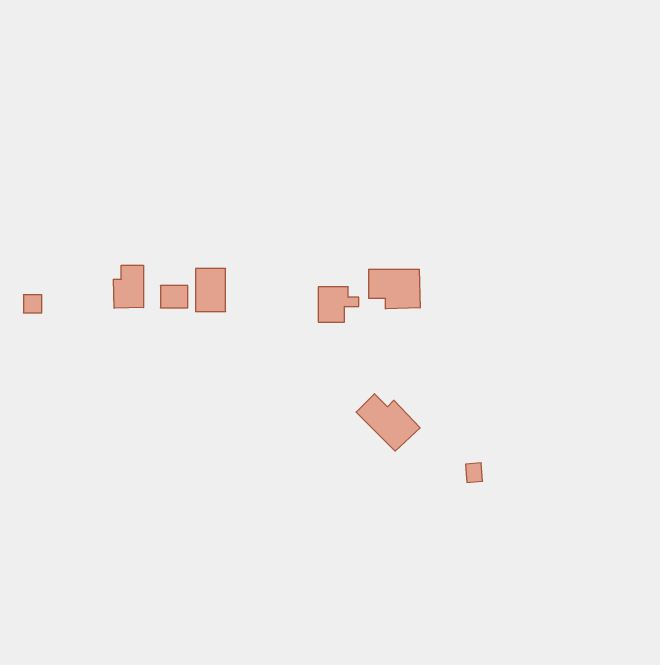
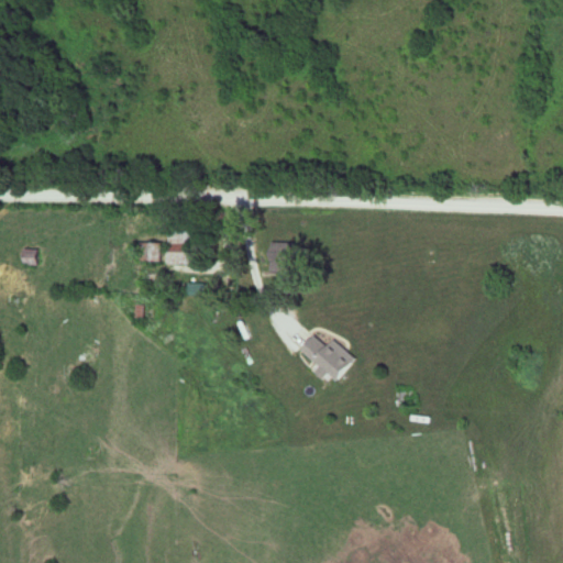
building: [113,265,143,308] -> none
building: [369,269,420,309] -> none

